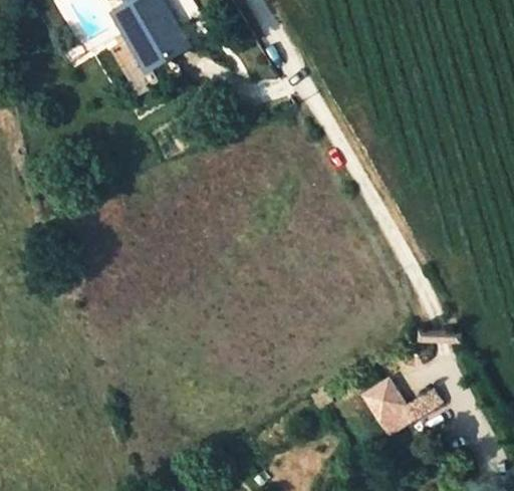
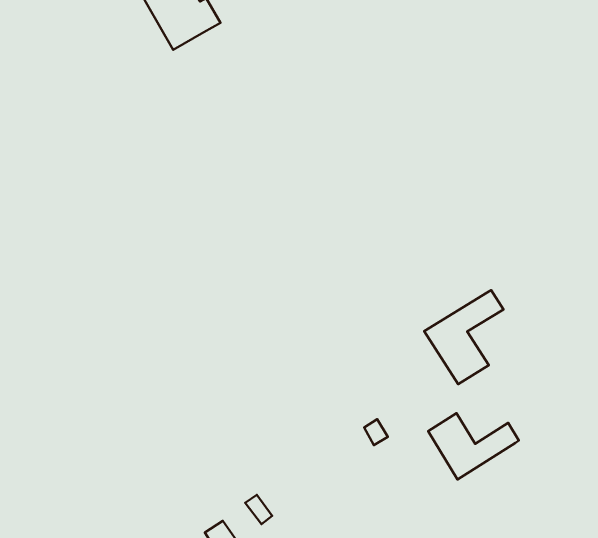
building: none -> [424,290,504,384]

